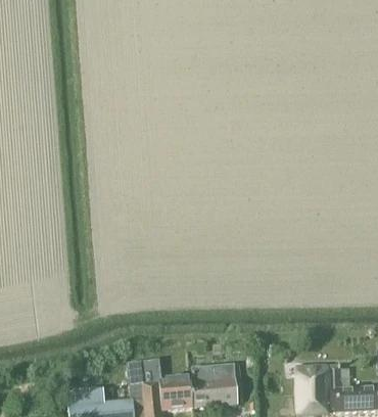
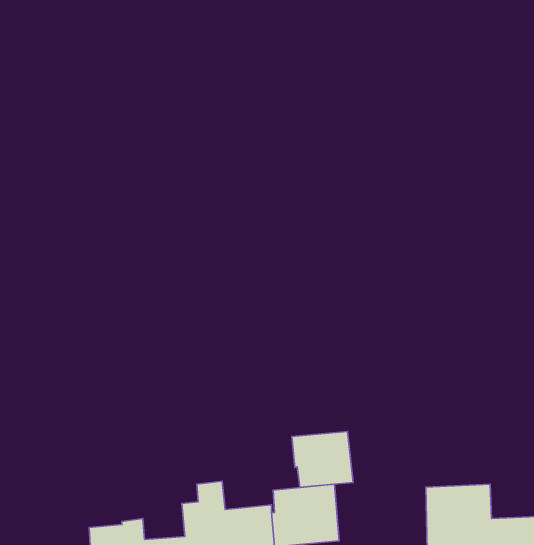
building: none -> [292,431,353,487]

